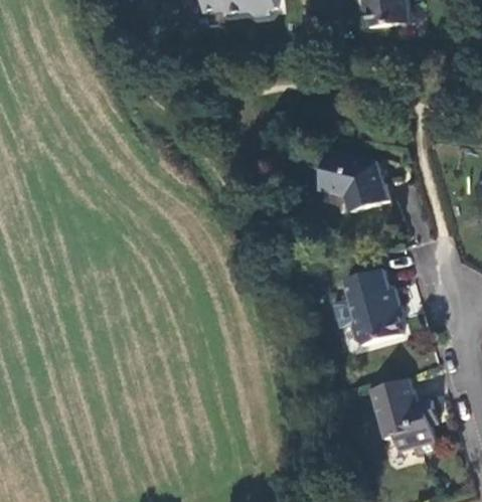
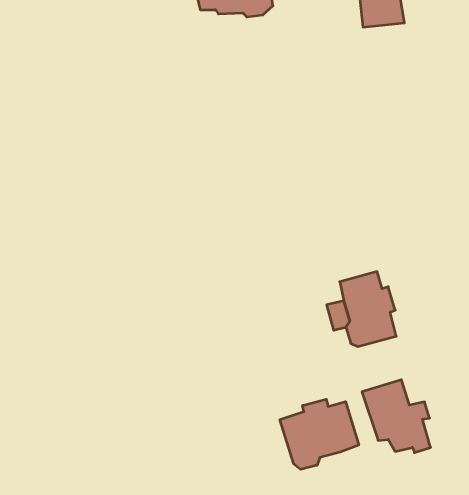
building: [321,154,386,211] -> none
building: none -> [280,399,359,469]

